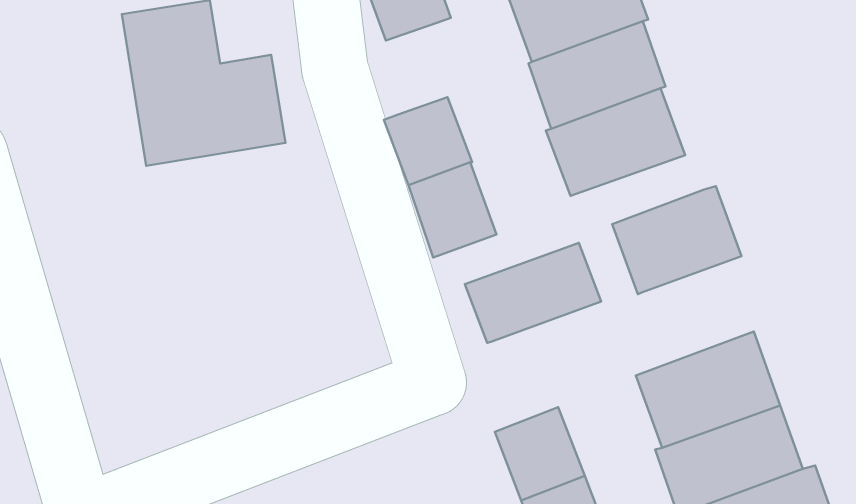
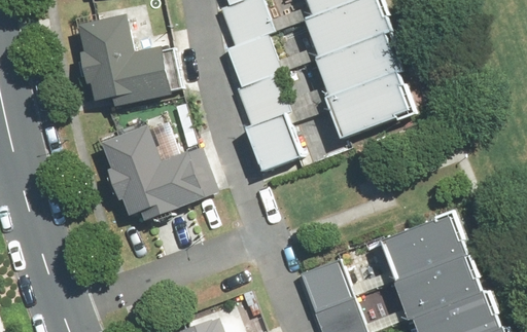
building: none -> [227,30,279,83]
building: none -> [101,124,213,226]
building: [612,186,742,294] -> none
building: [465,243,601,343] -> none

